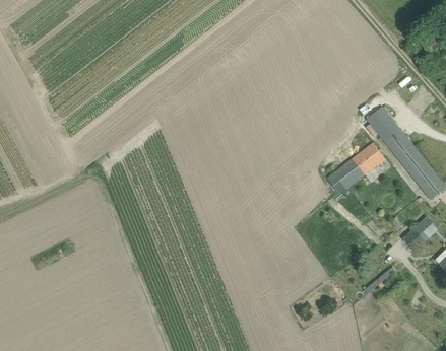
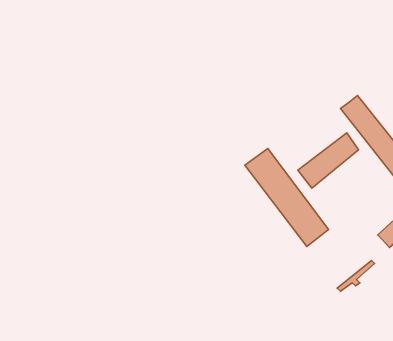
building: none -> [245,148,328,247]

